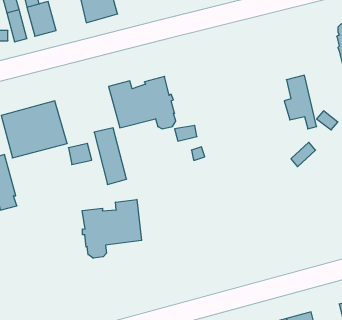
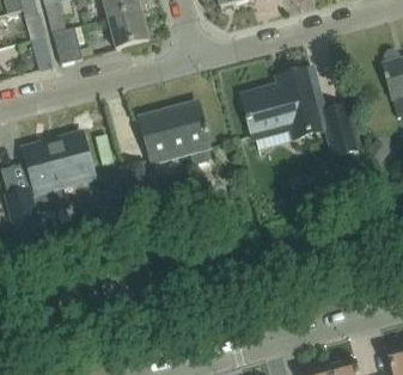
building: none -> [244,69,325,133]
building: [82,199,142,258] -> none

